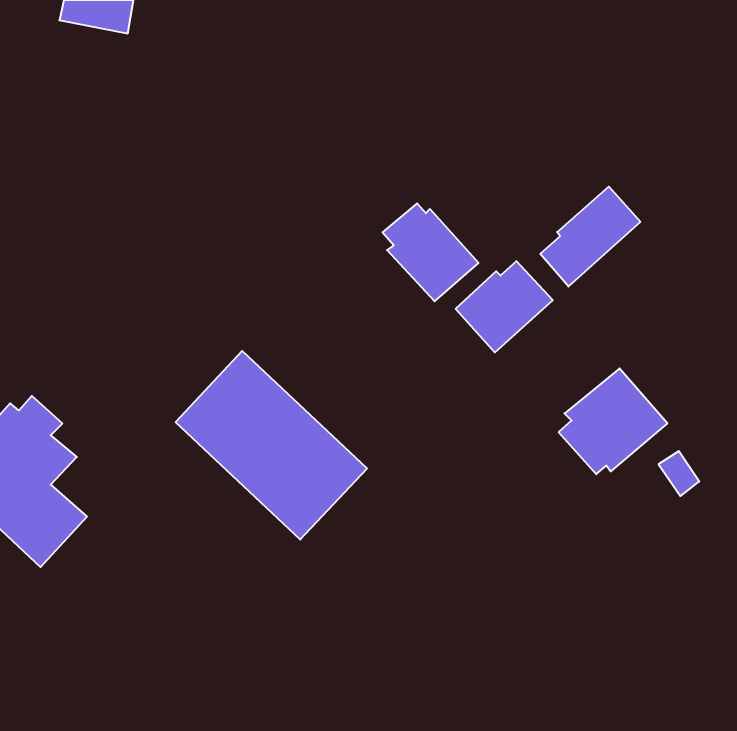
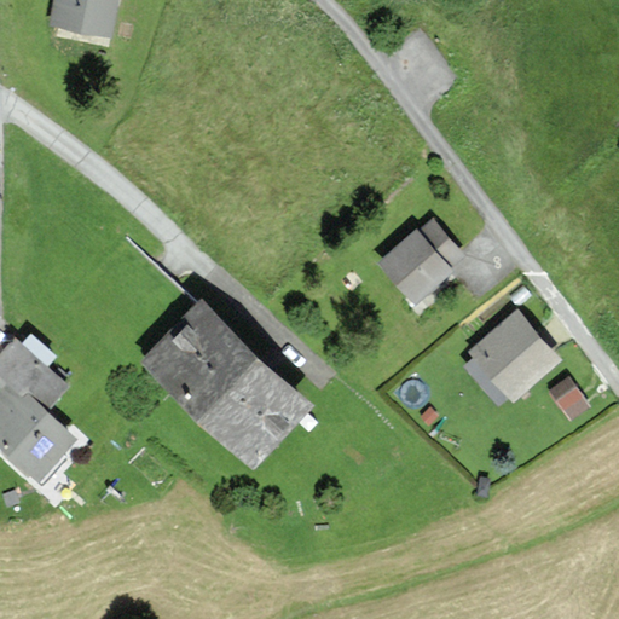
building: [540,187,640,287] -> none
building: [383,203,478,301] -> none

